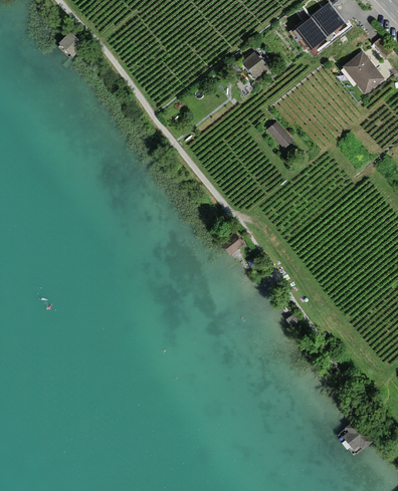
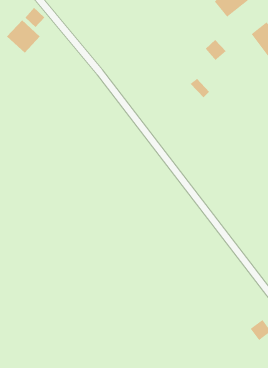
building: none -> [6,19,41,54]
building: [241,51,268,78] -> [205,39,226,61]

